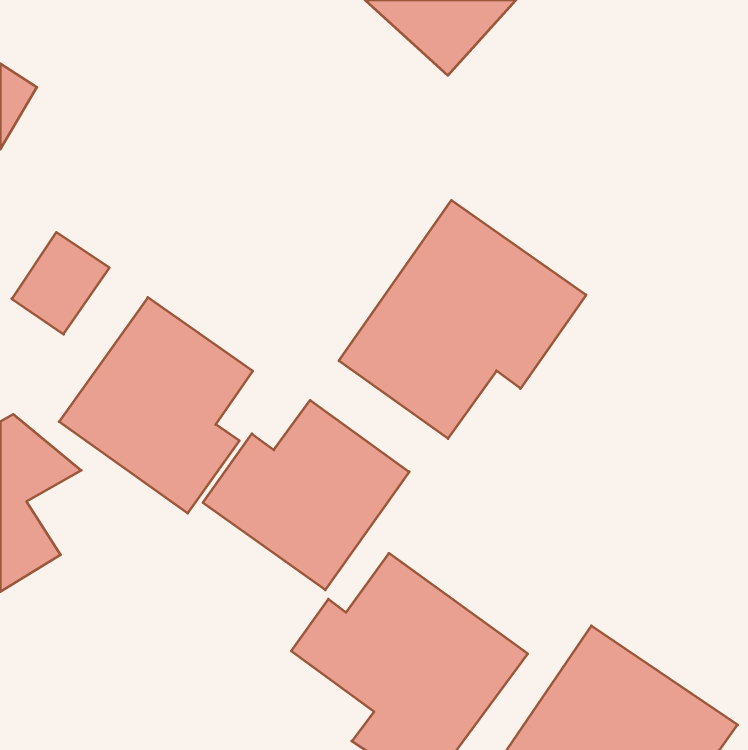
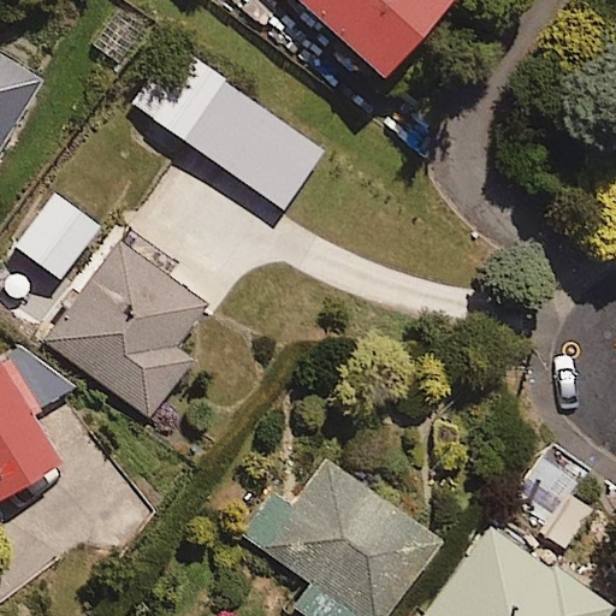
building: none -> [144,54,321,208]
building: [339,200,586,439] -> none
building: [203,400,409,590] -> none

